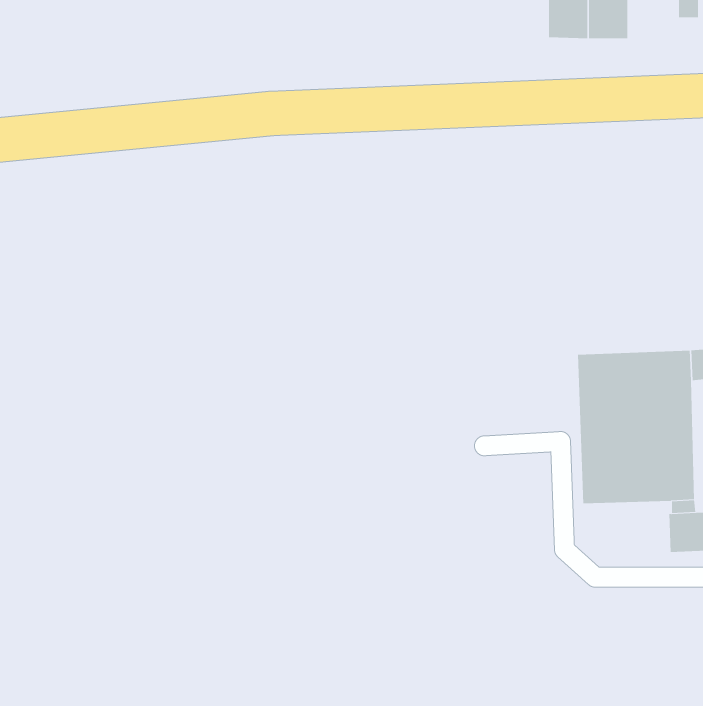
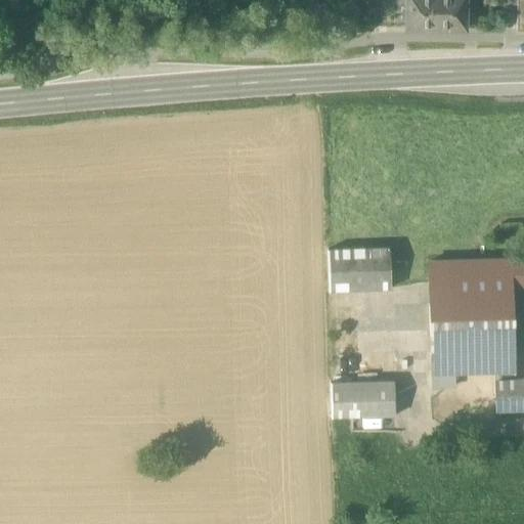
building: none -> [331,247,393,290]
building: none -> [334,381,398,418]

